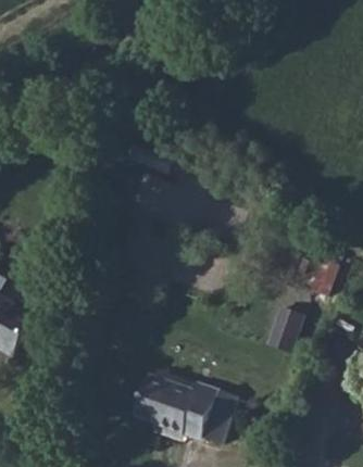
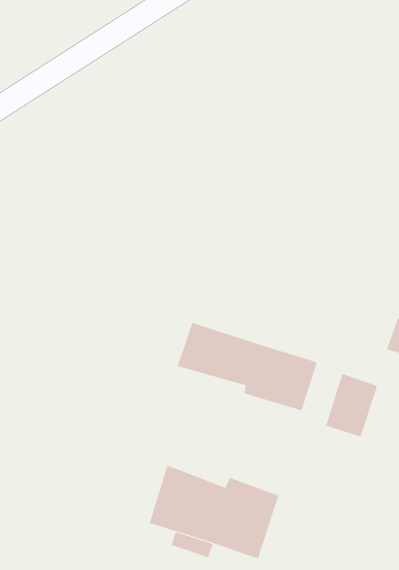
building: none -> [177,322,318,411]

